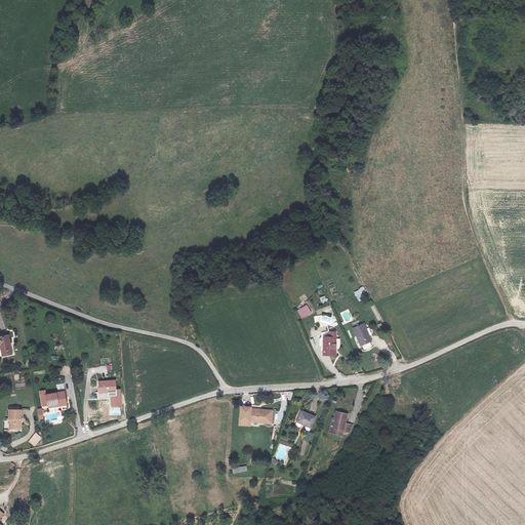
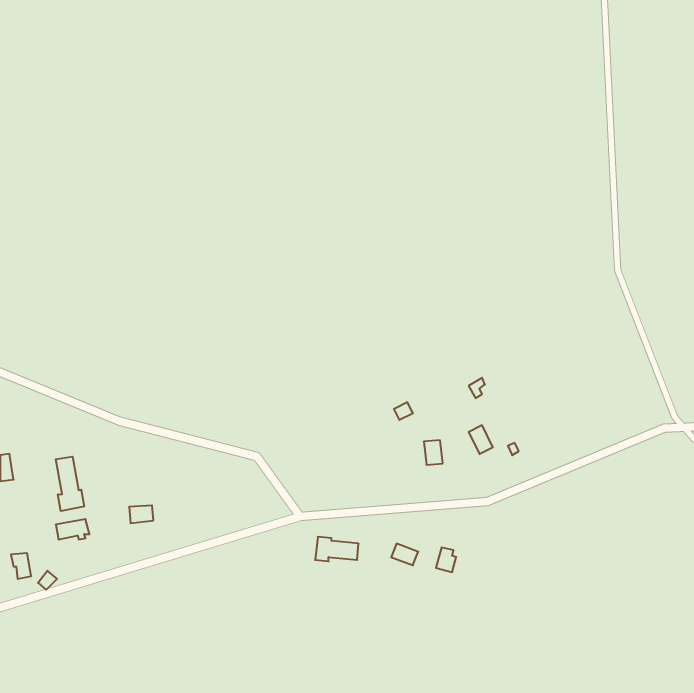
building: none -> [56,457,84,511]

